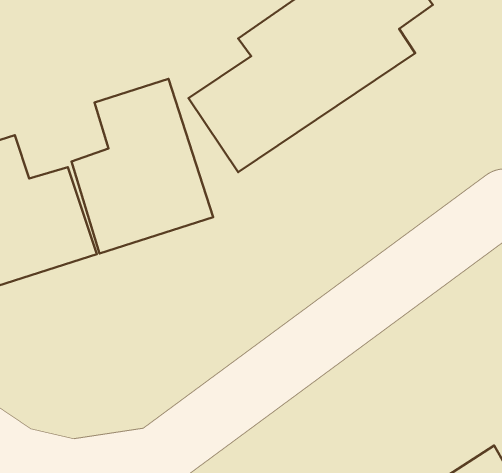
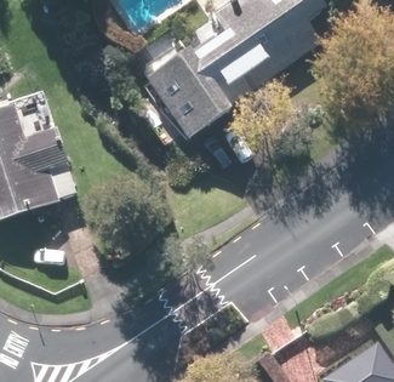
building: [71,79,213,253] -> none

